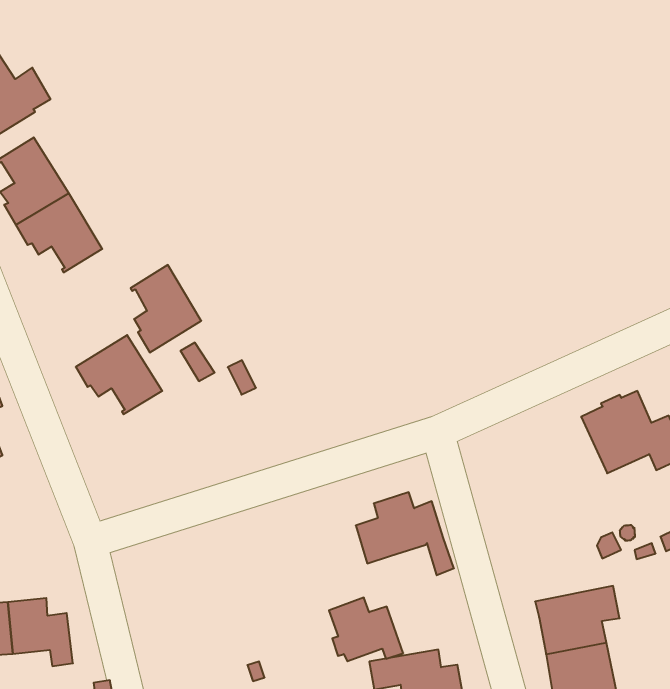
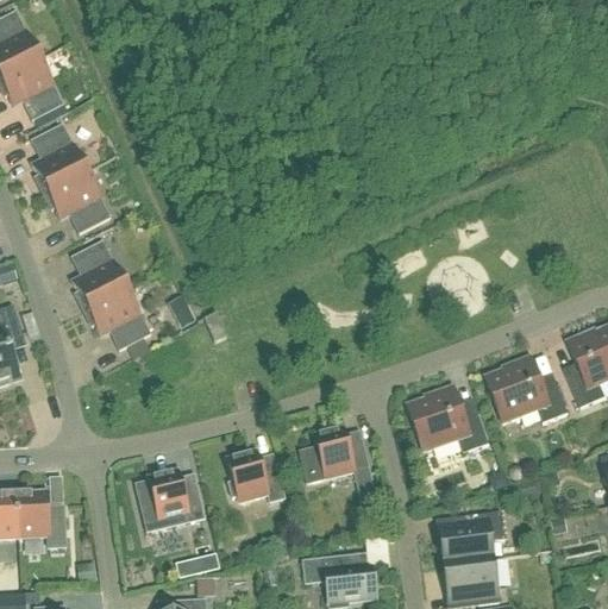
building: [131,265,201,352] -> [71,239,126,308]
building: none -> [406,387,488,451]
building: none -> [136,469,205,530]
building: [329,598,403,661] -> [227,450,284,500]

